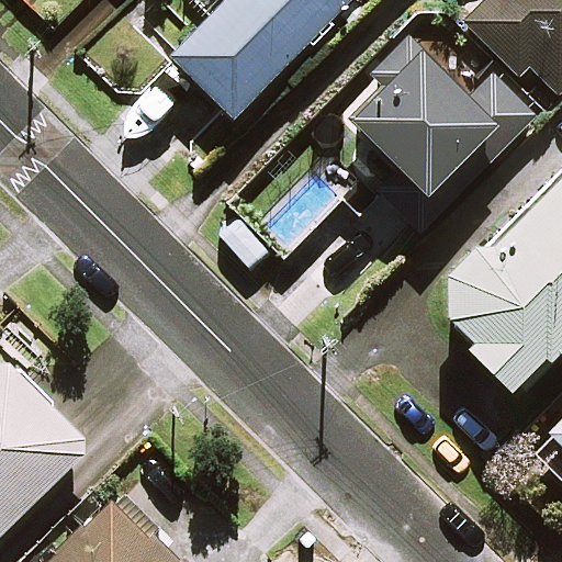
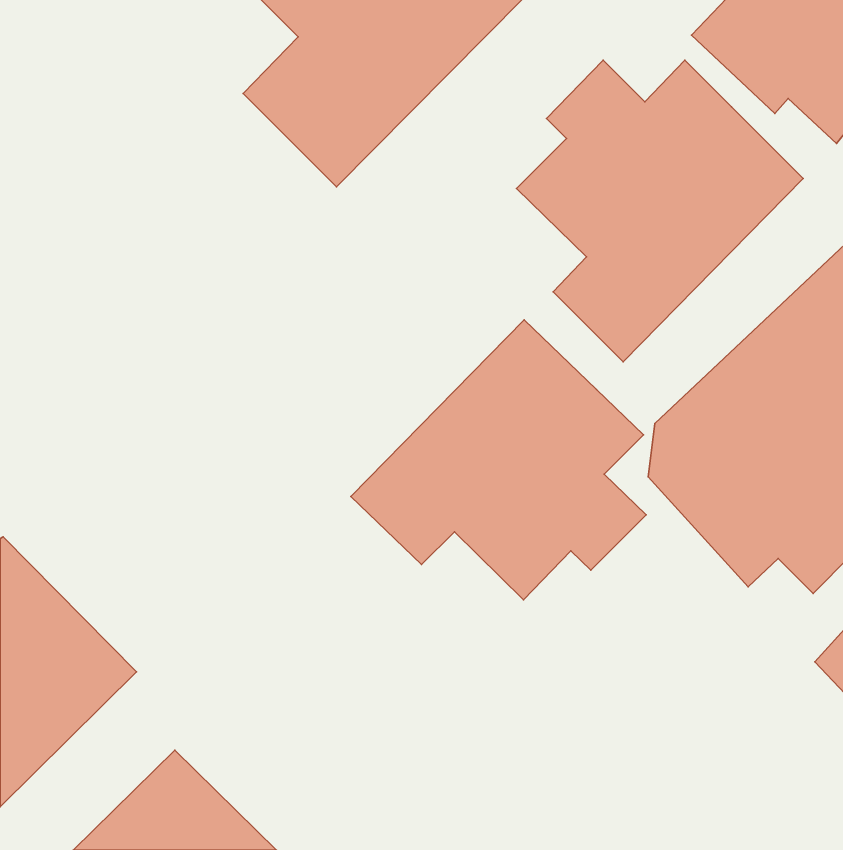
building: none -> [351,320,646,600]

